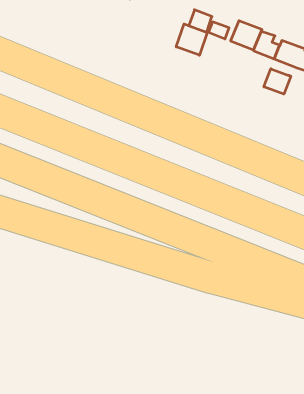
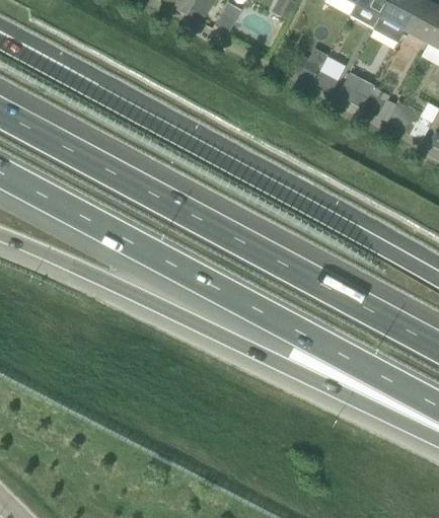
building: [176,24,207,55] -> none
building: [264,69,291,94] -> none

